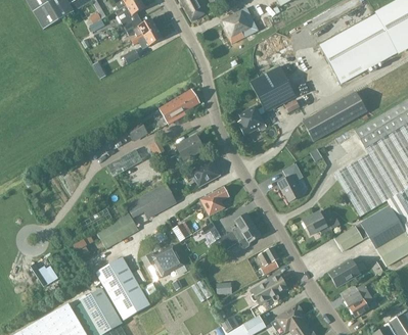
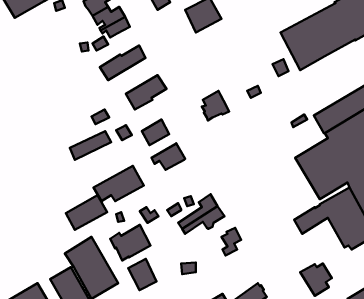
building: none -> [100,46,146,80]
building: [251,65,297,111] -> none
building: [303,91,368,141] -> none
building: [279,172,304,201] -> none
building: [201,186,230,214] -> none
building: [303,211,341,236] -> none
building: [329,258,361,287] -> none
building: [252,274,287,303] -> none
building: none -> [128,259,156,290]

